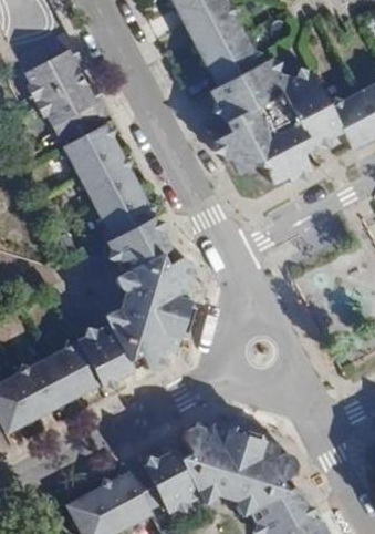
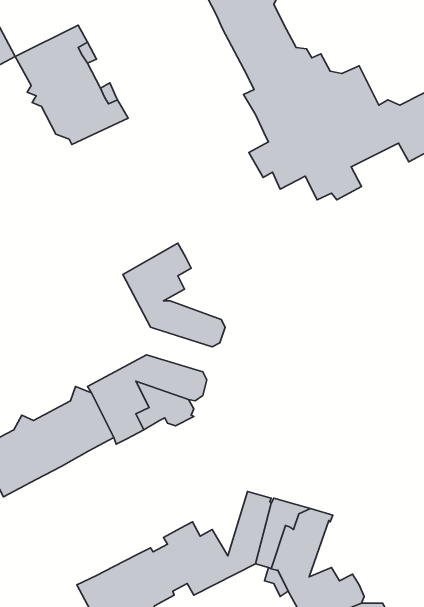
building: [64,125,154,245] -> none
building: [127,239,196,353] -> none
building: [166,425,235,482] -> none
building: [264,452,301,503] -> none

